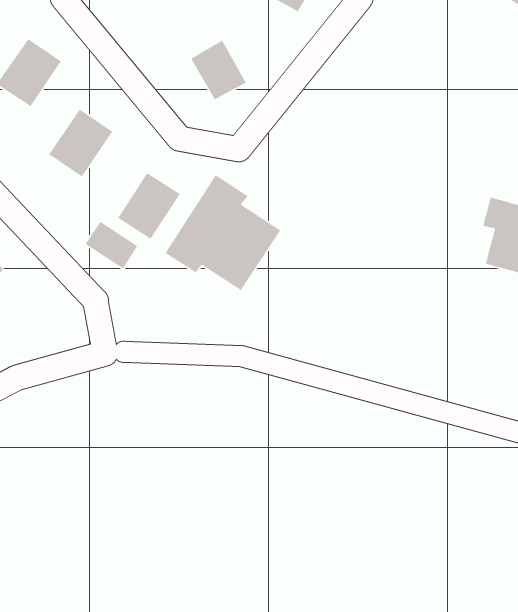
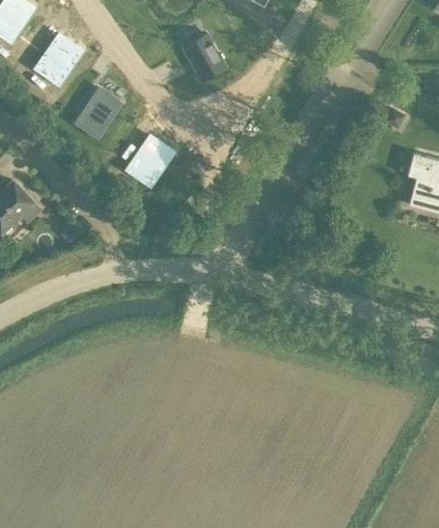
building: [164,174,281,291] -> none
building: [84,221,138,270] -> none

